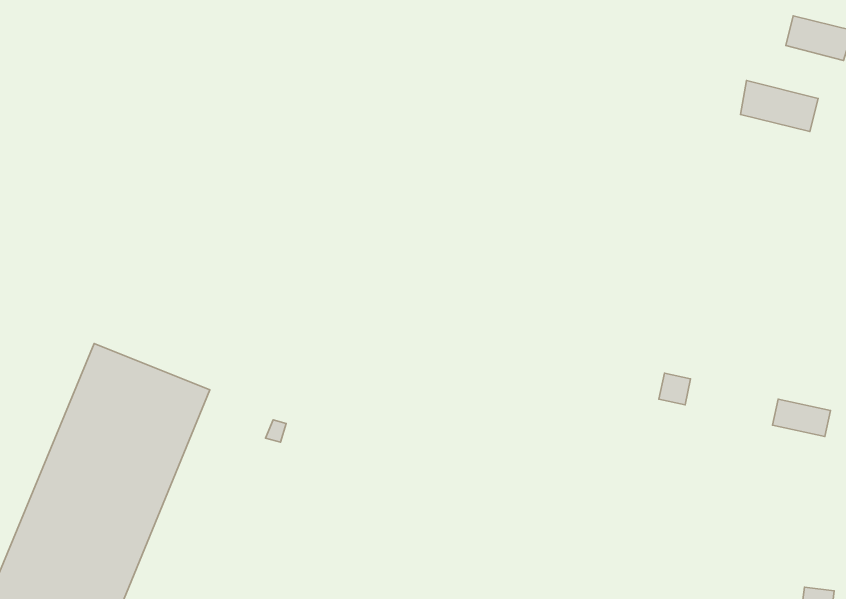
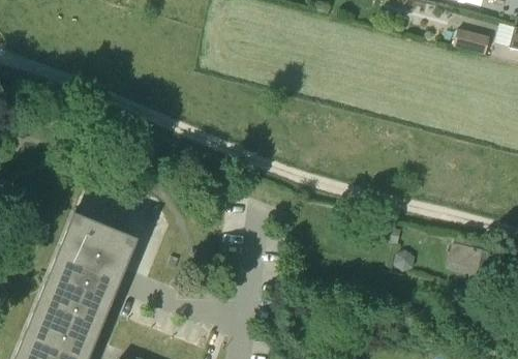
building: [740,81,818,131] -> none

